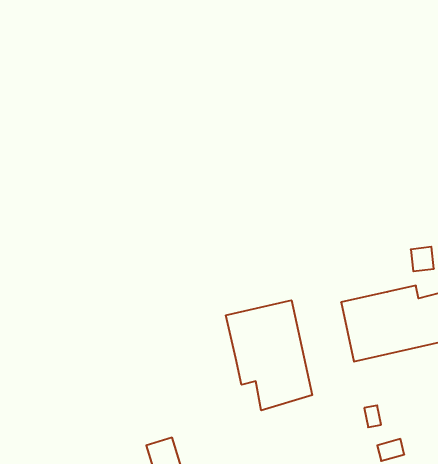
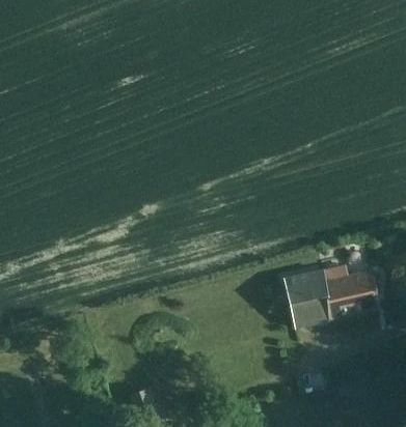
building: [226,300,312,410] -> none

